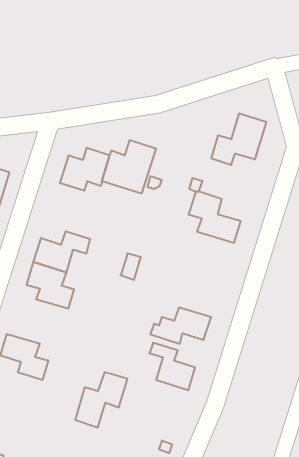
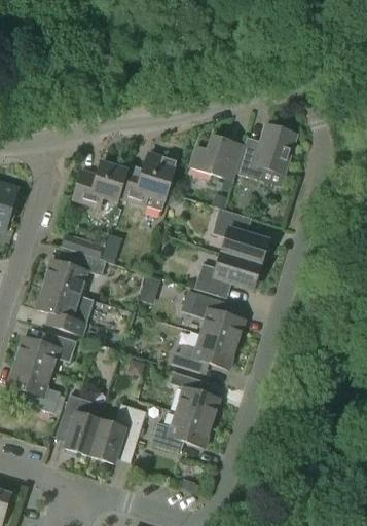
building: none -> [190,135,244,179]
building: none -> [194,251,261,296]
building: none -> [181,289,244,343]
building: none -> [15,332,76,372]
building: none -> [62,393,105,454]
building: none -> [150,411,212,451]

